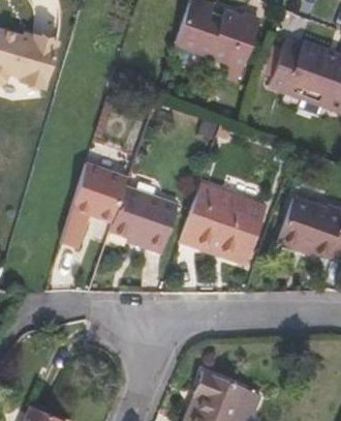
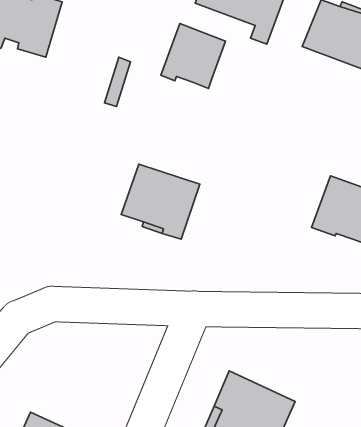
building: none -> [161,23,226,89]
building: [60,163,127,248] -> none
building: [180,182,268,264] -> none

